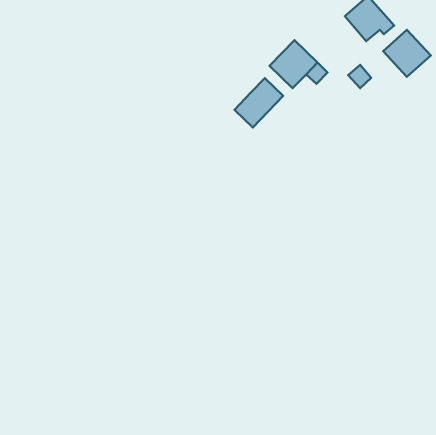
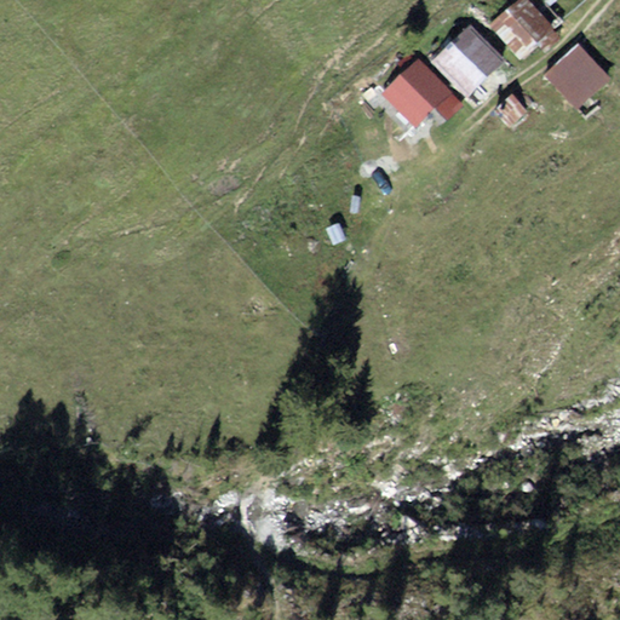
building: none -> [432,23,505,94]
building: [235,78,283,128] -> none

